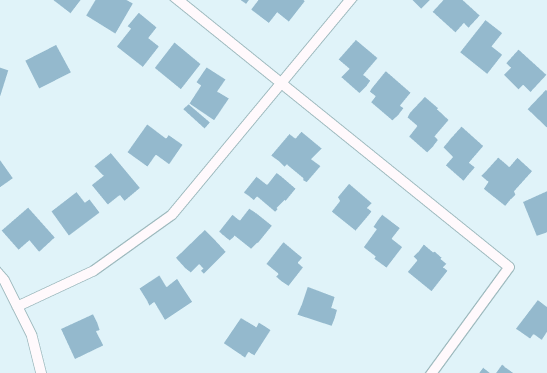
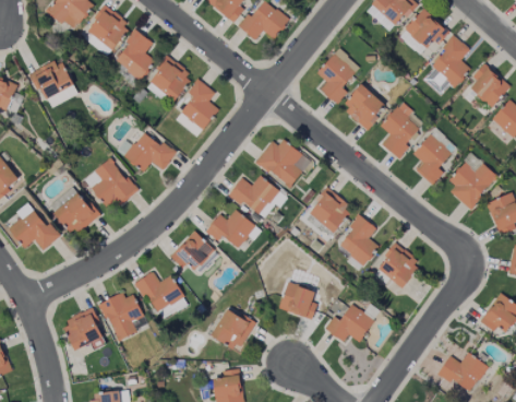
building: [265,241,304,287] -> none
building: none -> [96,291,145,342]
building: none -> [325,304,375,342]

